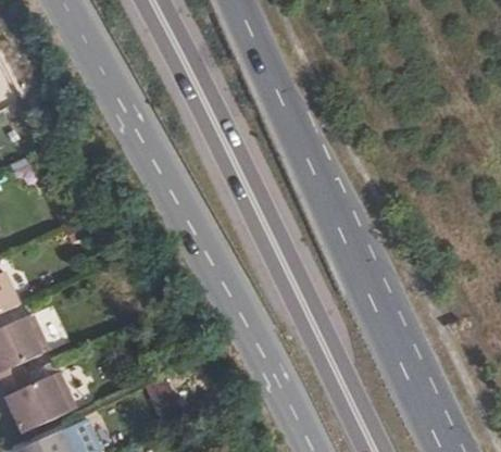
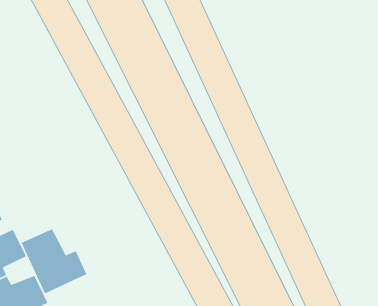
building: none -> [20,228,88,295]

